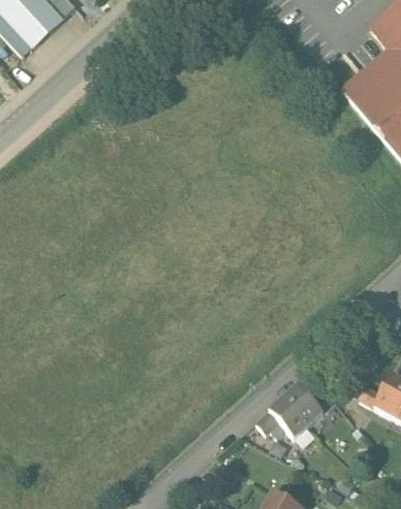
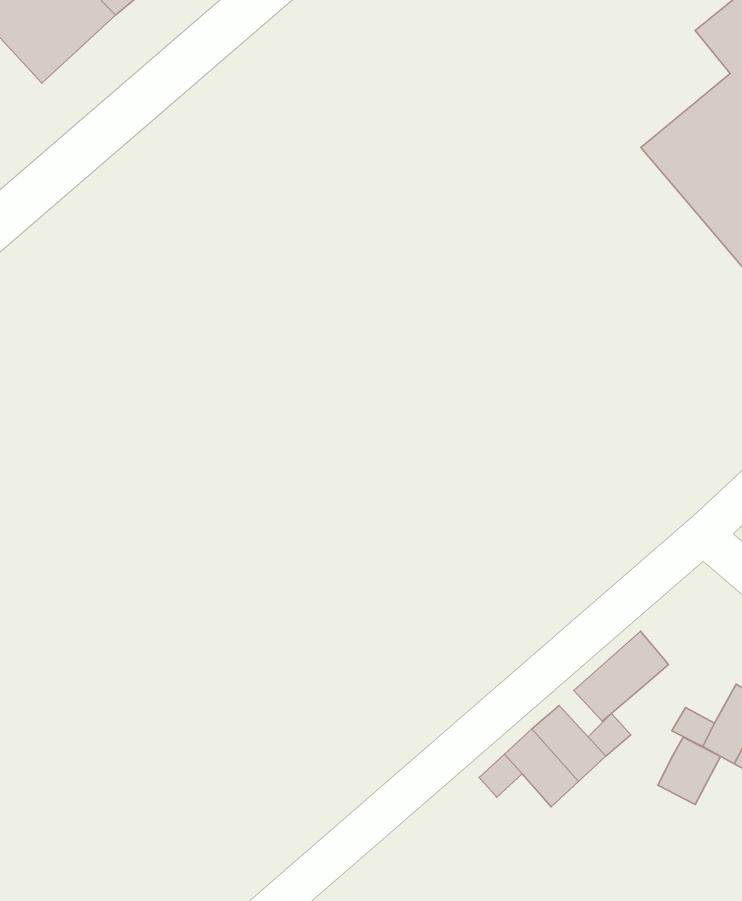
building: none -> [574,631,668,721]
building: none -> [658,737,721,804]

